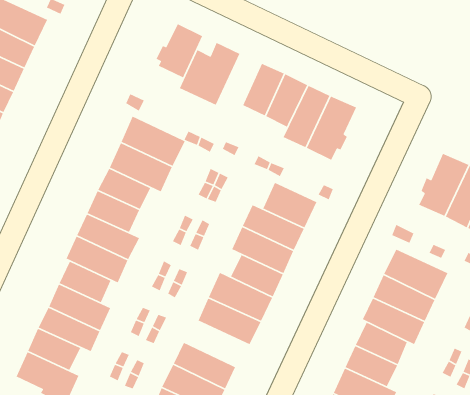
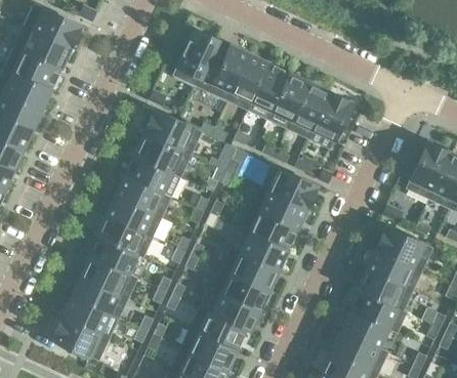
building: none -> [230,55,269,111]
building: none -> [201,290,259,332]

